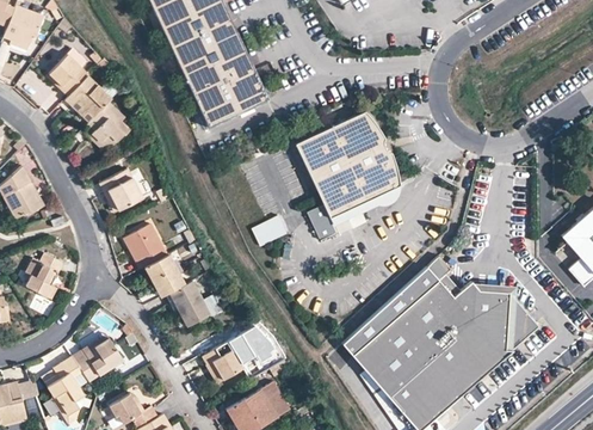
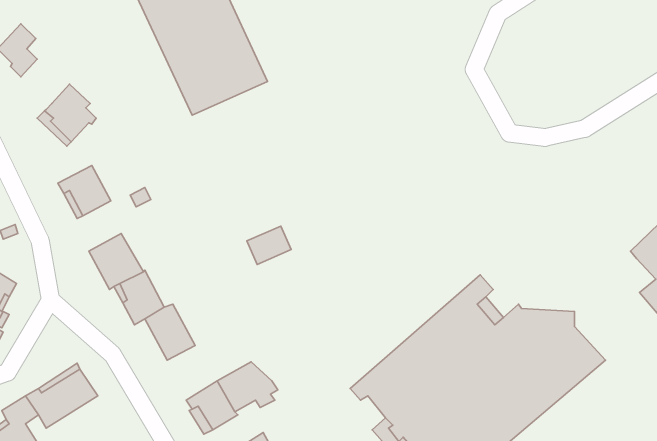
building: [66,75,112,117] -> none
building: [294,110,399,240] -> none

